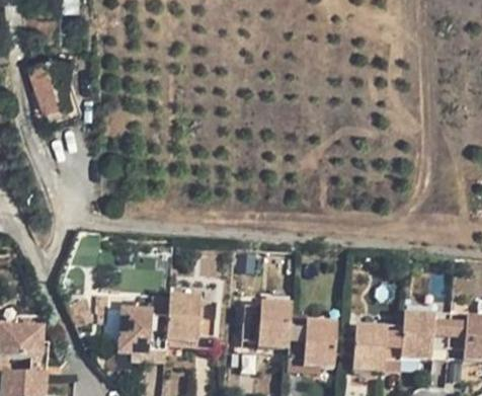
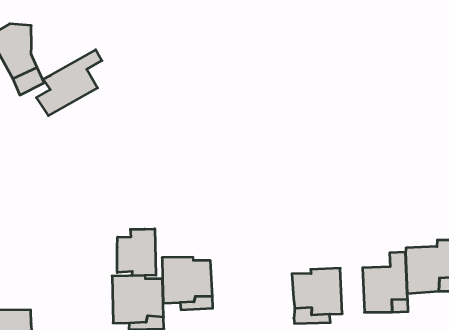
building: none -> [36,50,102,116]
building: none -> [117,229,156,276]
building: [243,301,293,346] -> none

